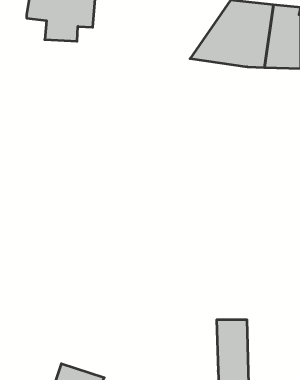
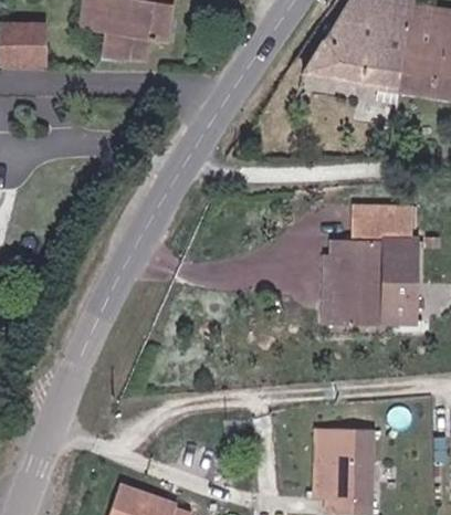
building: none -> [343,206,402,234]
building: none -> [333,241,405,324]
building: none -> [315,429,337,497]

